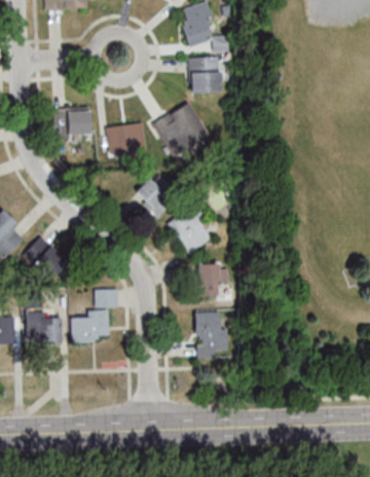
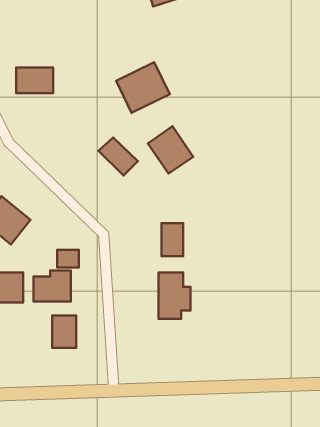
building: [190,57,220,93] -> none
building: [106,123,144,153] -> none
building: [168,207,213,254] -> [148,126,193,173]
building: none -> [52,316,76,348]

